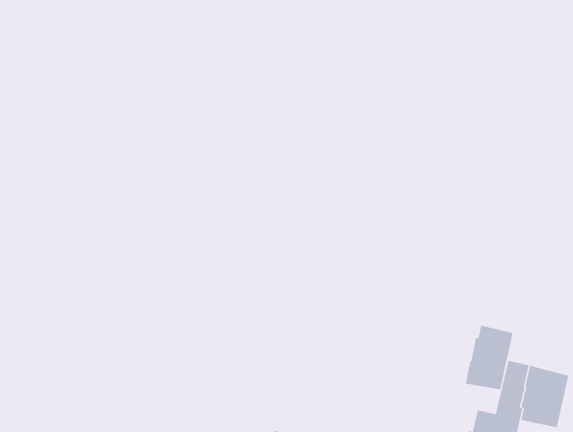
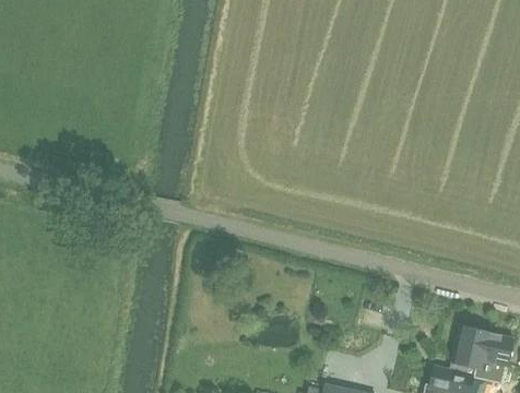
building: [465,325,513,390] -> none

